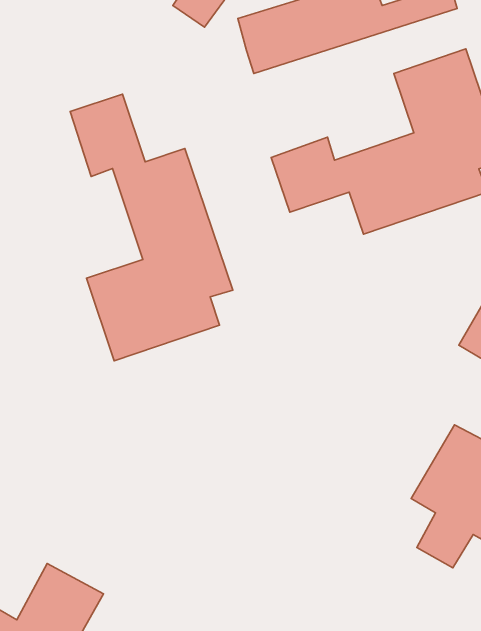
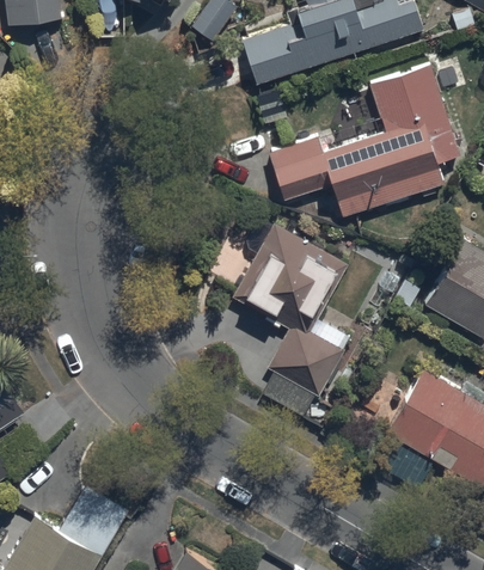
building: [70,94,233,361] -> none
building: none -> [233,223,350,419]

